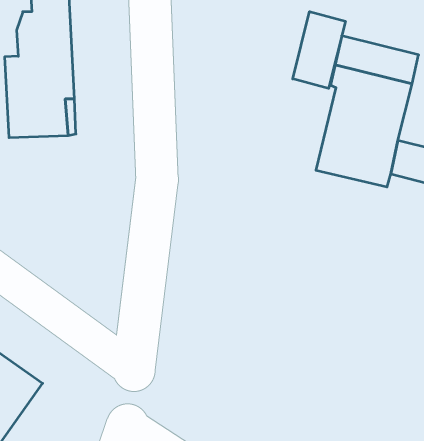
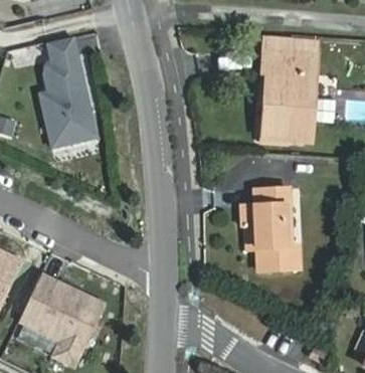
building: [293,12,345,88] -> none
building: none -> [239,188,300,271]

